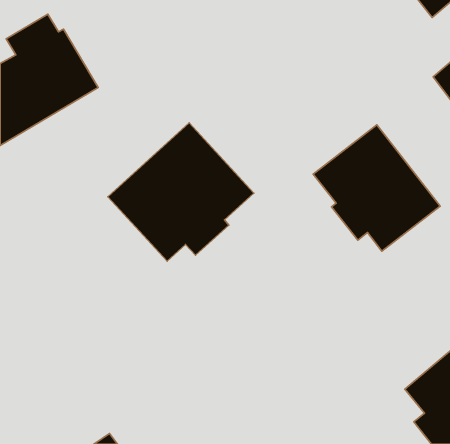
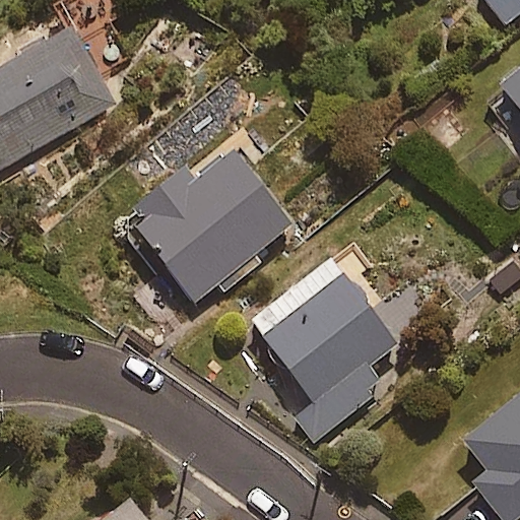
building: [313,125,440,251] -> none
building: none -> [249,258,398,437]

